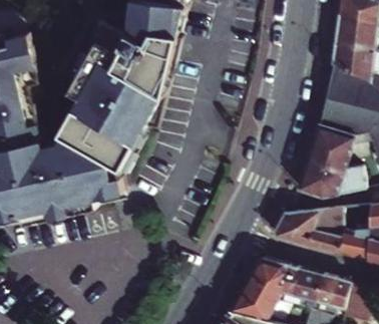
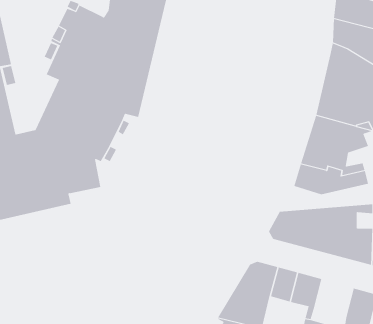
building: [316,274,351,309] -> none

